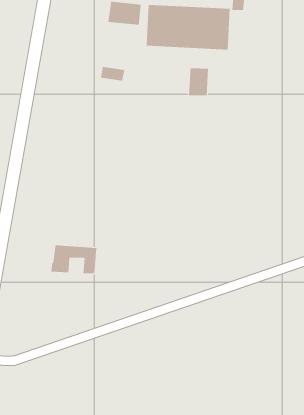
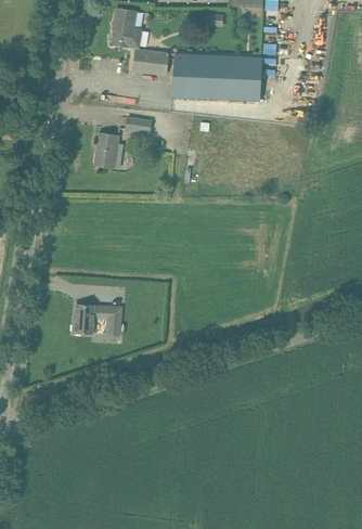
building: [189,67,209,96] -> none
building: none -> [94,132,122,168]

